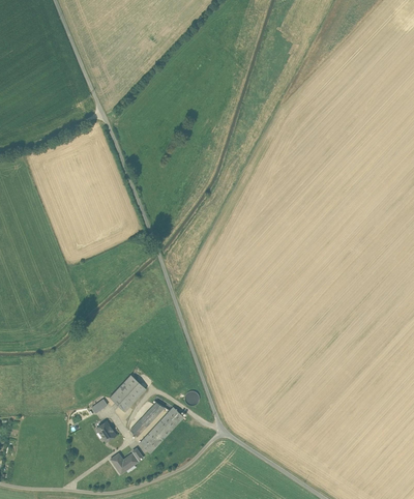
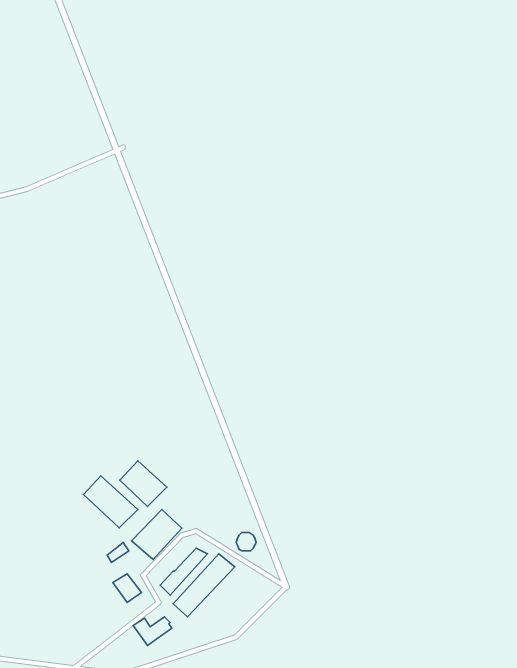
building: none -> [120,461,167,506]
building: none -> [84,476,138,528]

